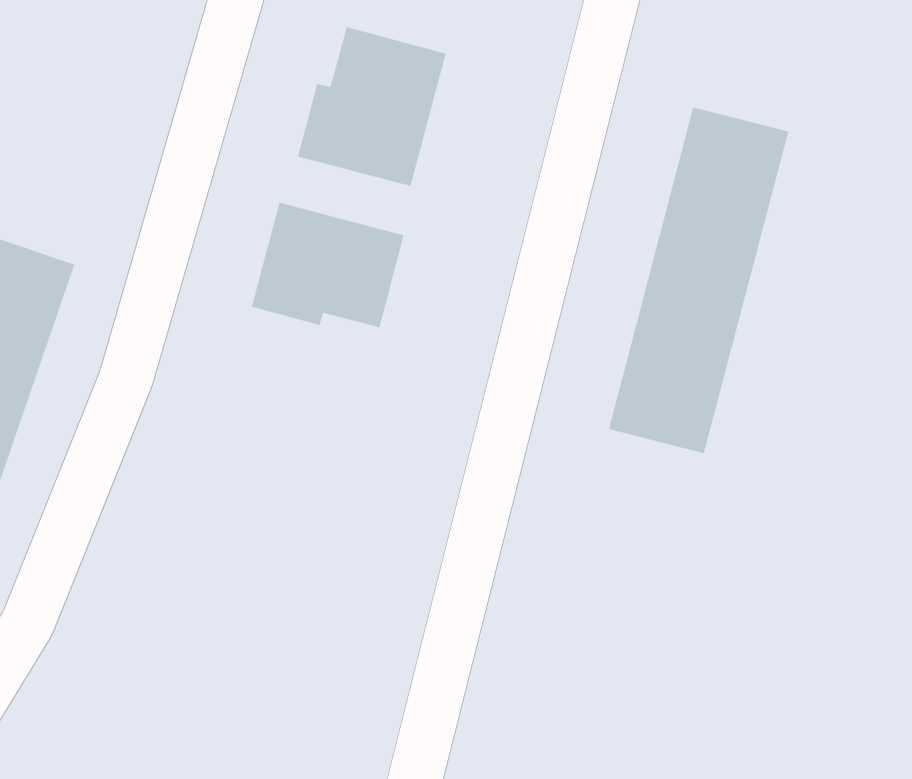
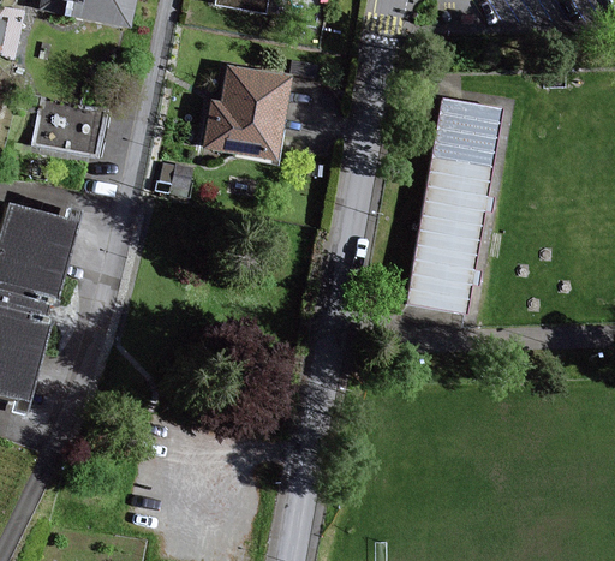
building: none -> [34,89,105,157]
building: [251,202,404,328] -> none

